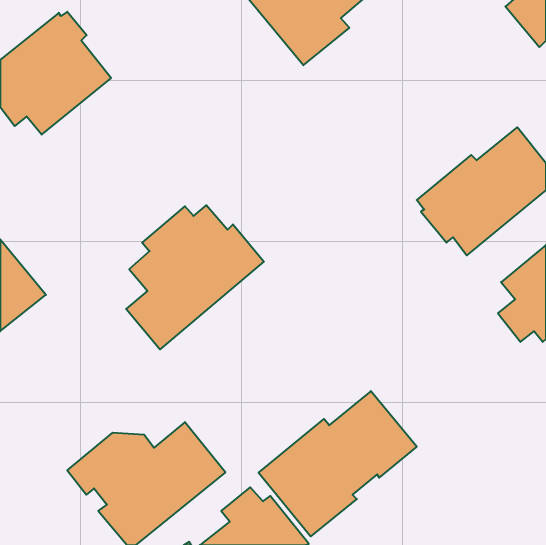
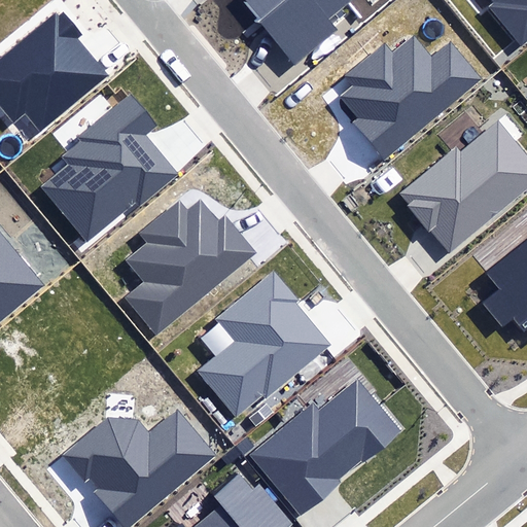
building: none -> [343,32,485,163]
building: none -> [41,94,177,242]
building: none -> [198,270,329,416]

